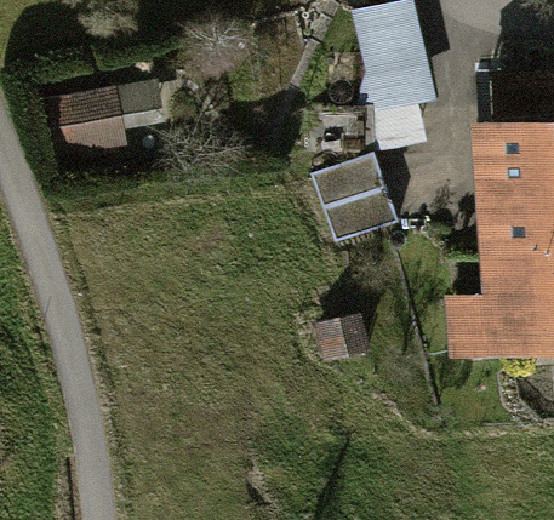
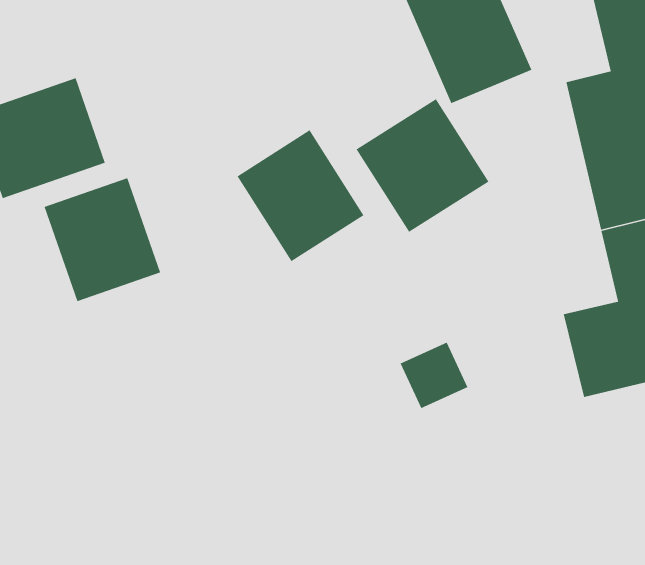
building: none -> [236,129,365,262]
building: none -> [44,177,161,302]

